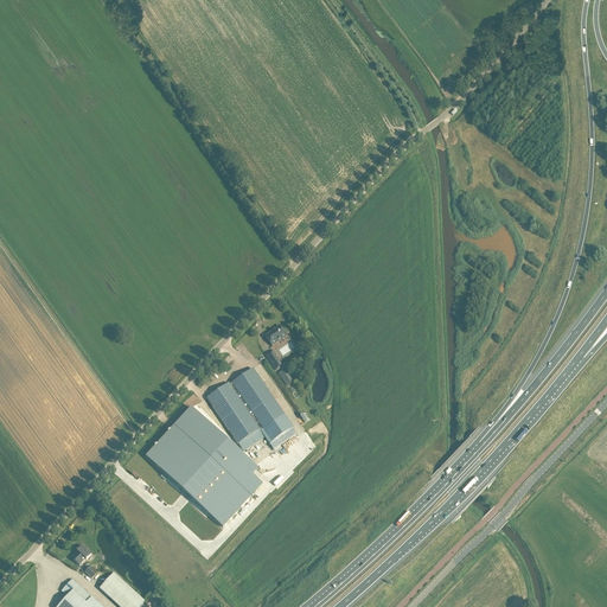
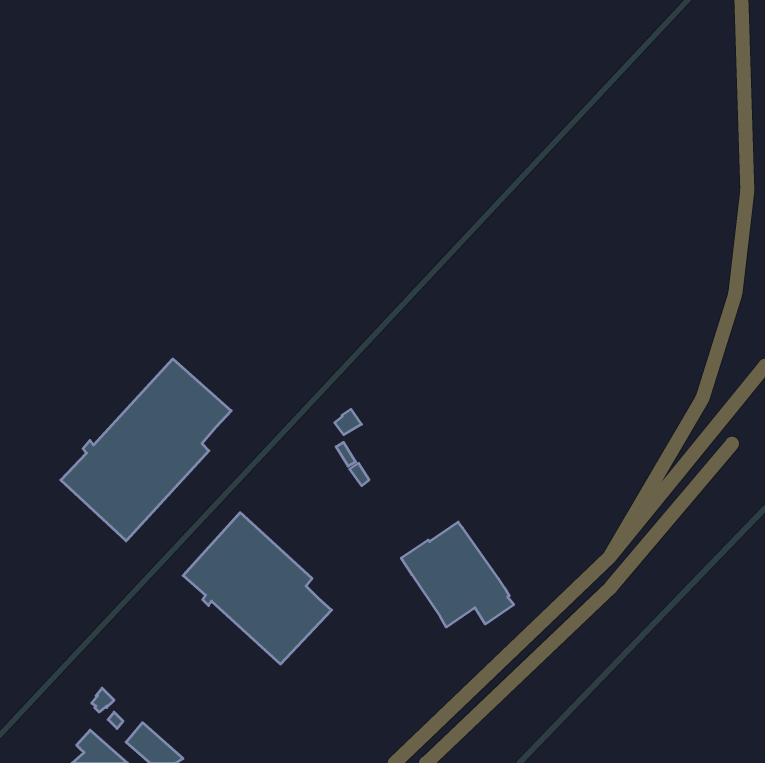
building: none -> [61,359,231,541]
building: [206,368,295,451] -> [401,522,514,627]

